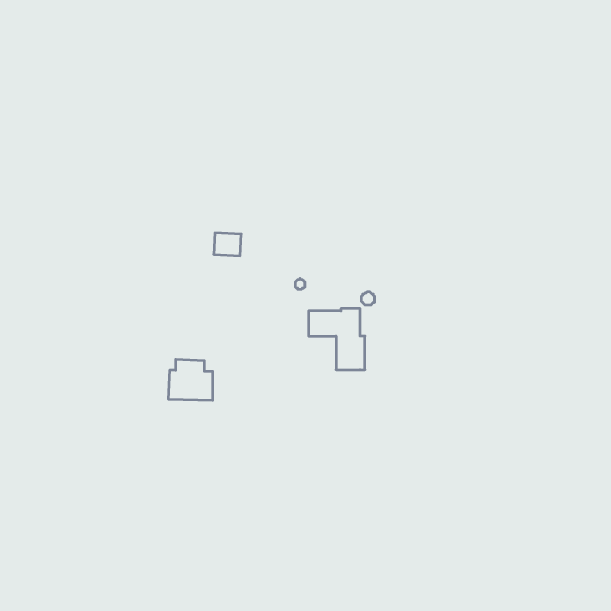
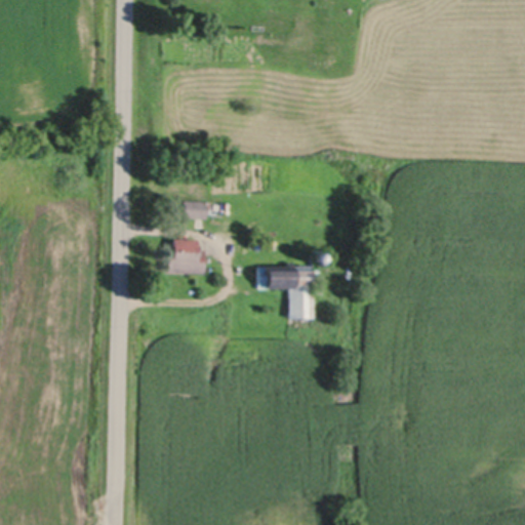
building: [168,359,213,400] -> [167,241,205,276]

